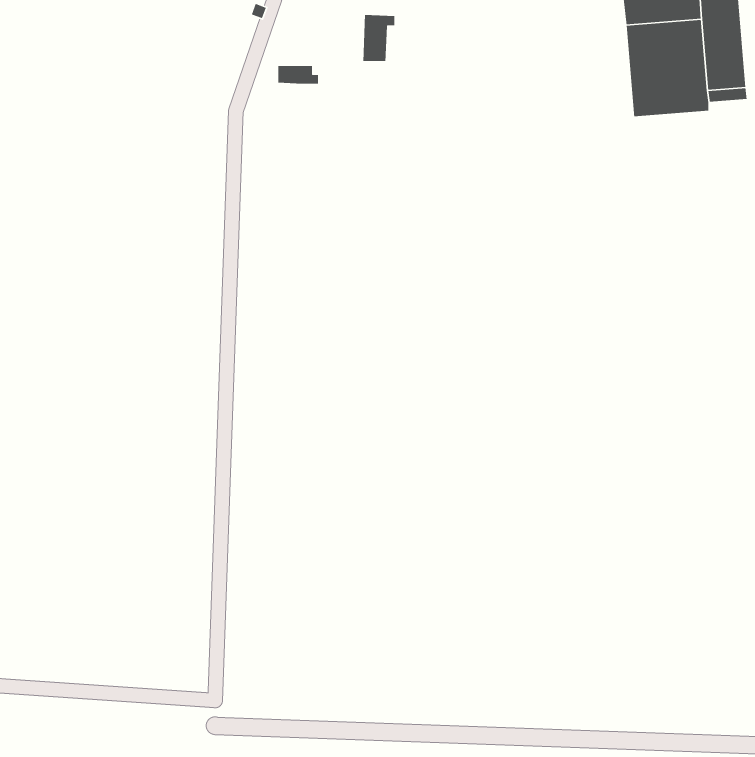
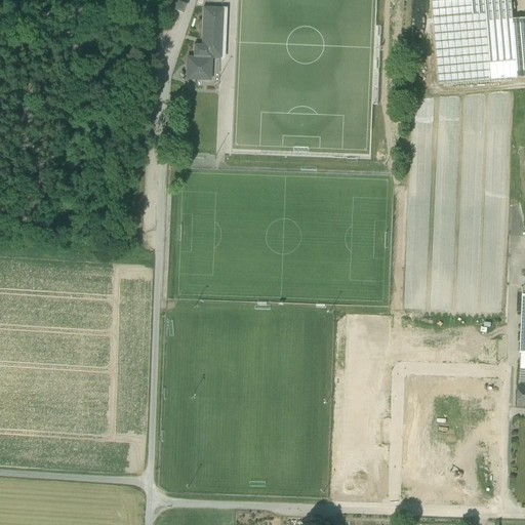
building: [363,14,395,62] -> [202,7,225,40]
building: none -> [188,57,211,79]

